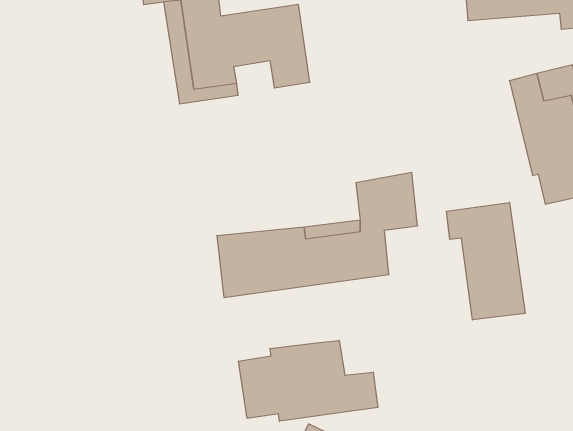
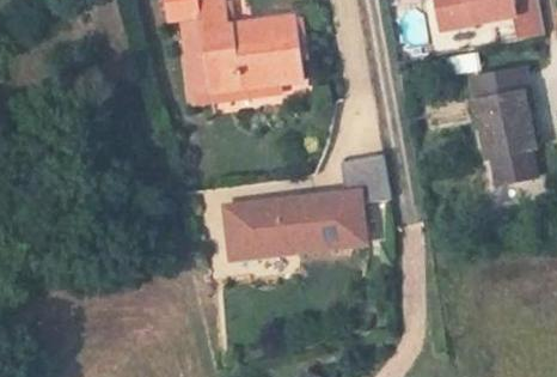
building: [446,202,525,320] -> none
building: [239,340,378,421] -> none

